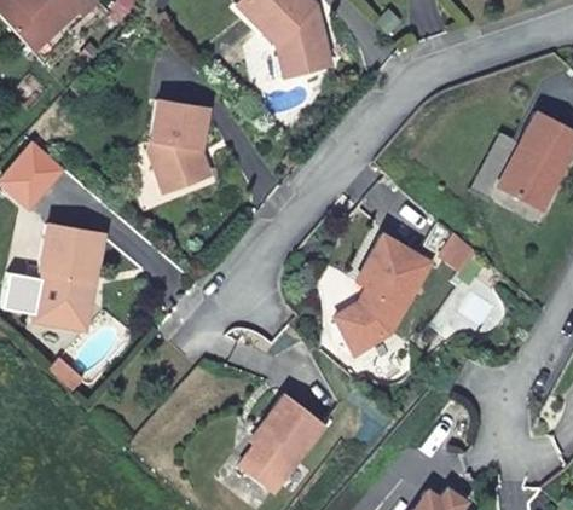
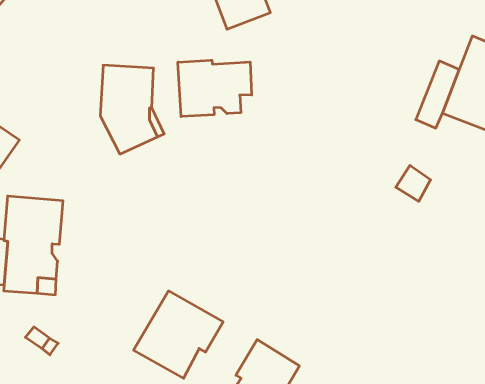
building: none -> [178,60,252,117]
building: [334,237,432,355] -> none
building: none -> [134,291,223,378]

